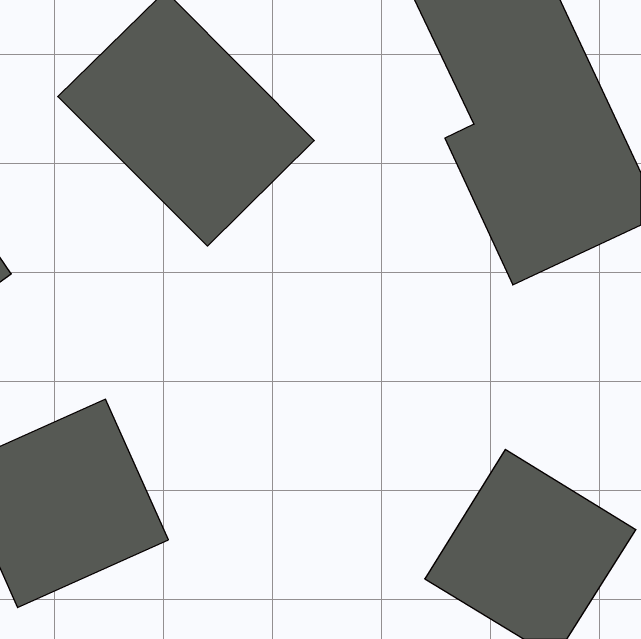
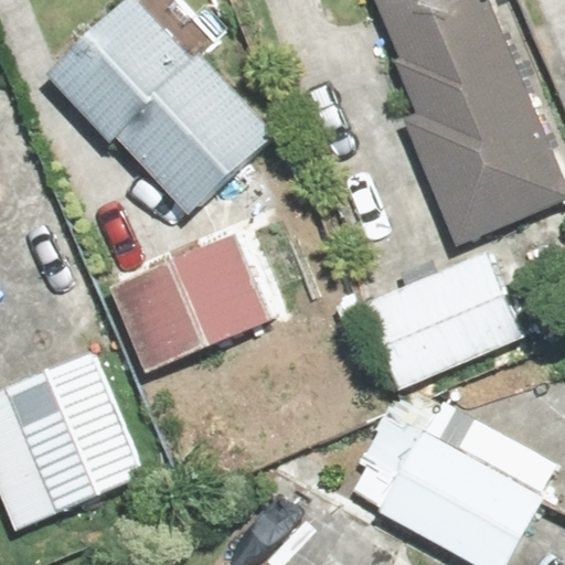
building: none -> [107,228,271,379]
building: none -> [352,244,531,387]

